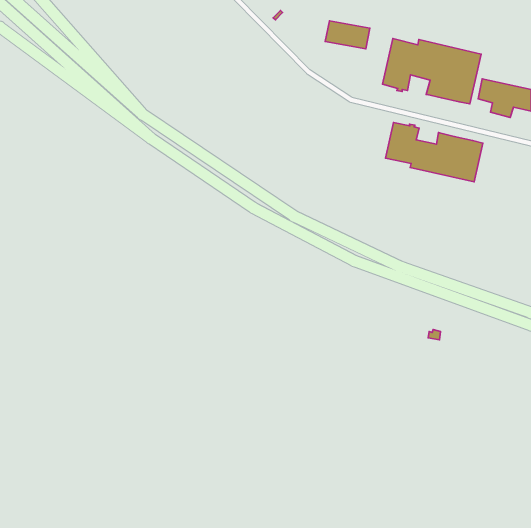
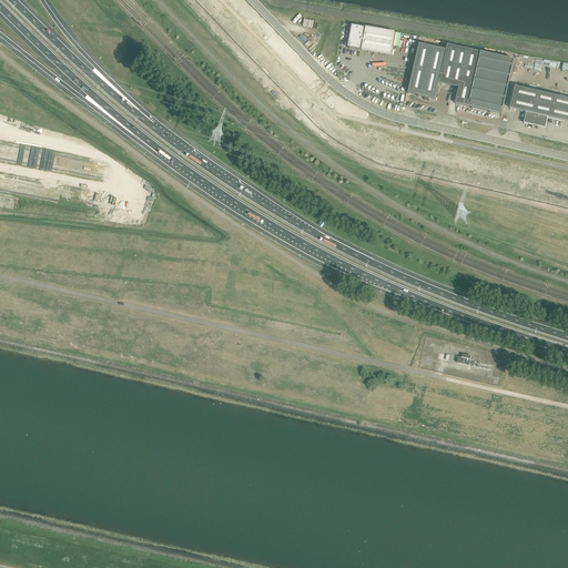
building: [386,123,483,182] -> none

